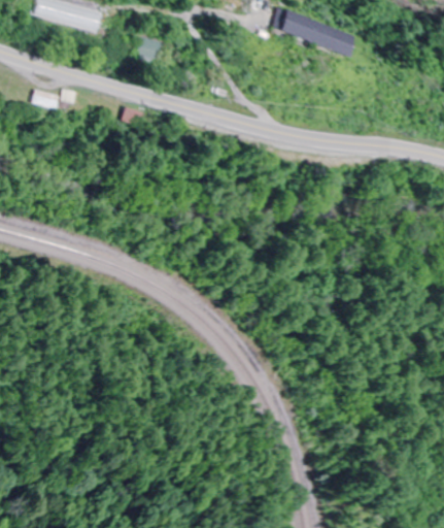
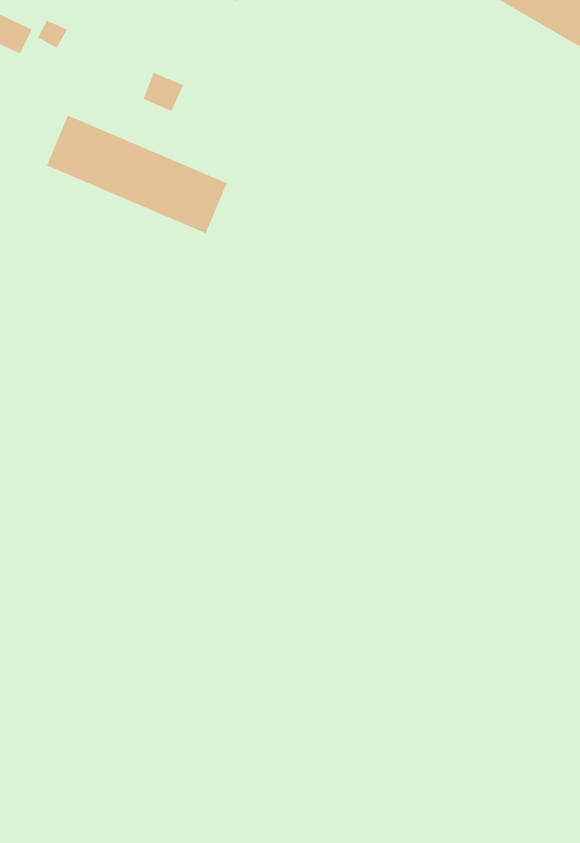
building: none -> [46,114,228,234]

